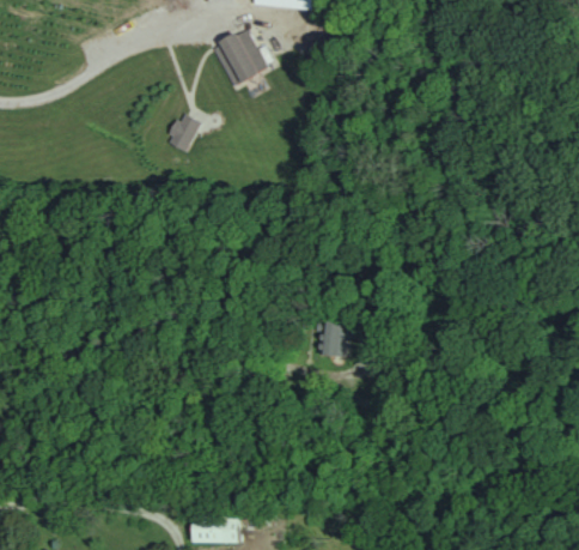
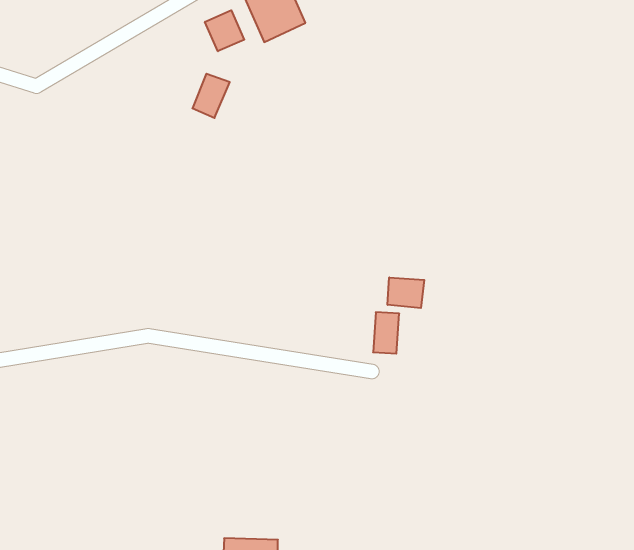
building: none -> [205,10,244,51]
building: none -> [388,277,424,308]

